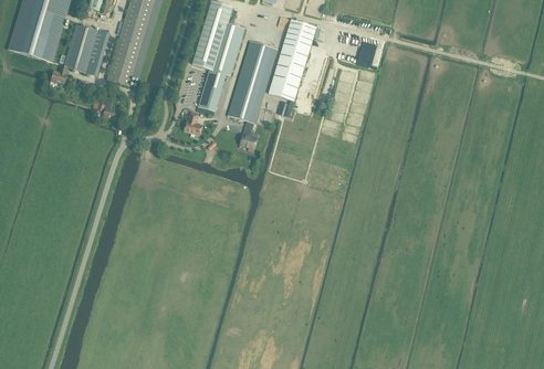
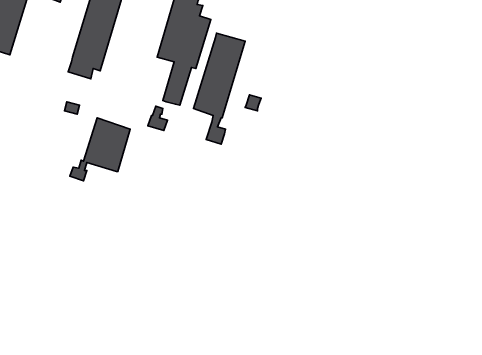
building: [269,18,316,99] -> none
building: [50,22,108,83] -> [70,118,130,181]

